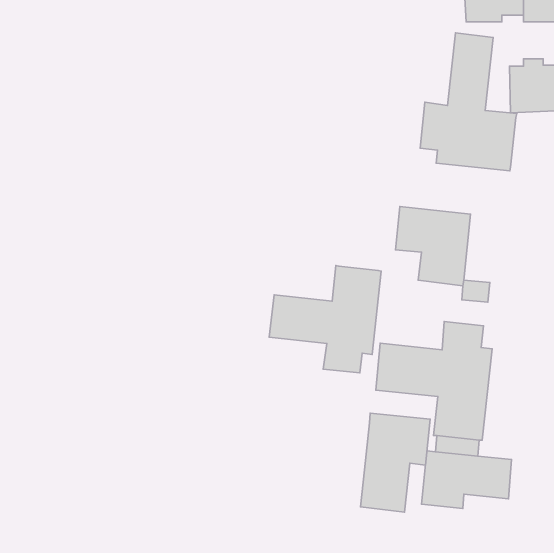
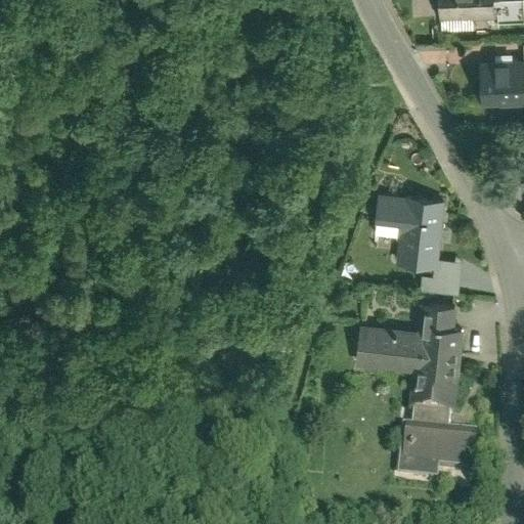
building: [420,33,517,171] -> none
building: [269,266,381,373] -> none
building: [361,413,430,512] -> none

